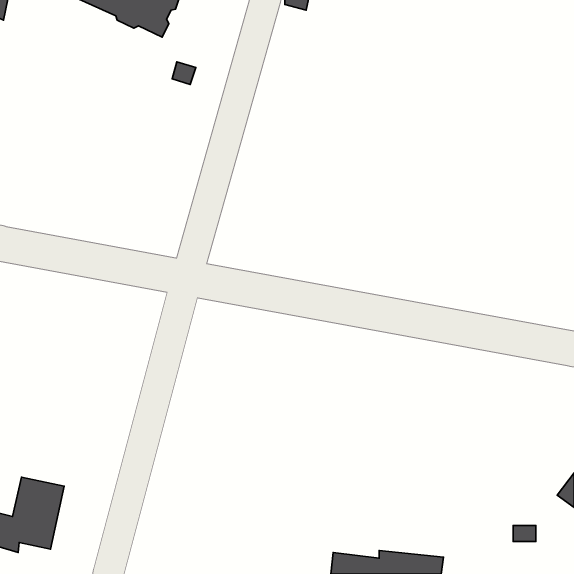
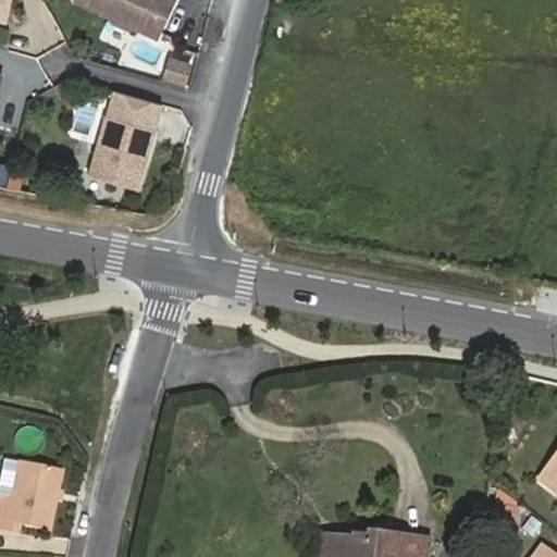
building: none -> [88,90,161,188]

